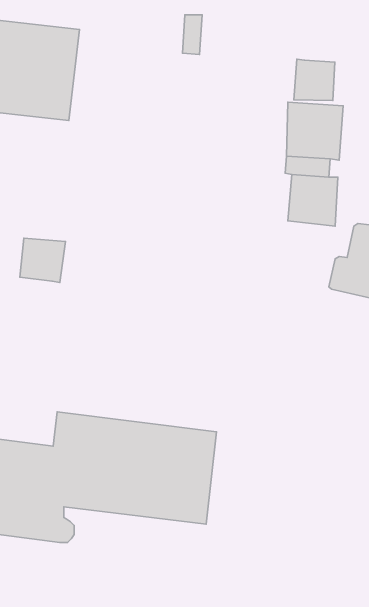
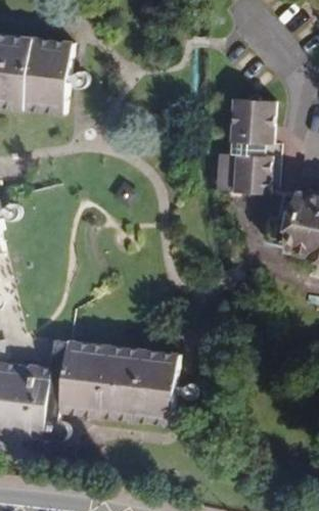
building: [294,59,335,101] -> none
building: [20,238,66,283] -> none

